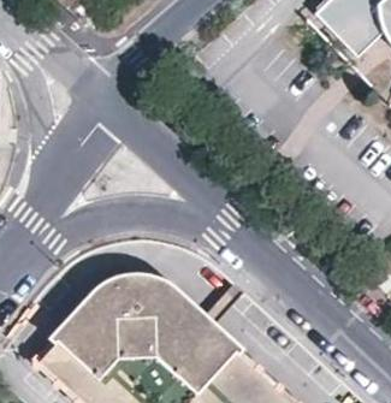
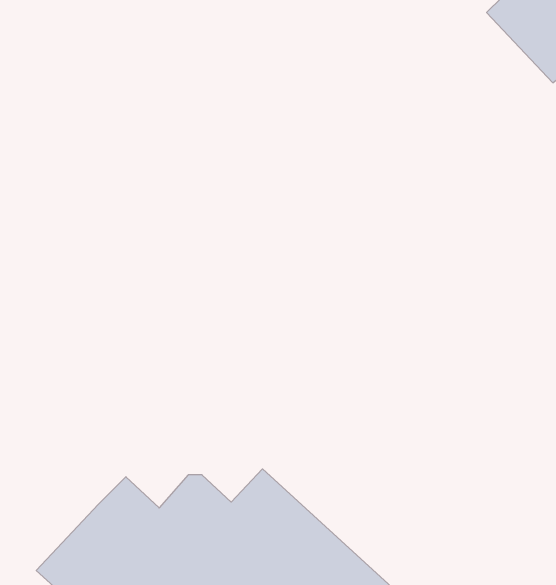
building: [91,272,176,318] -> none

